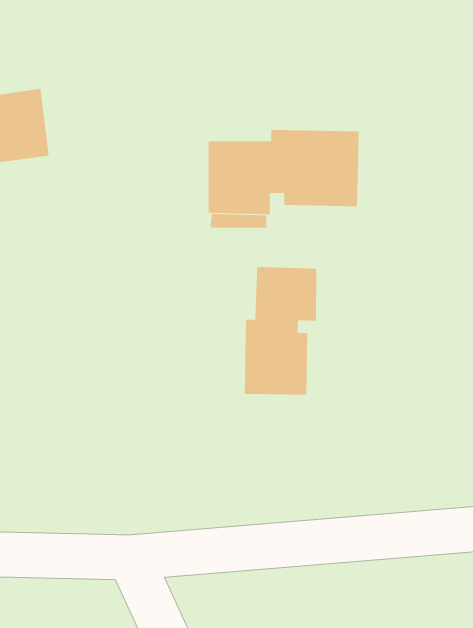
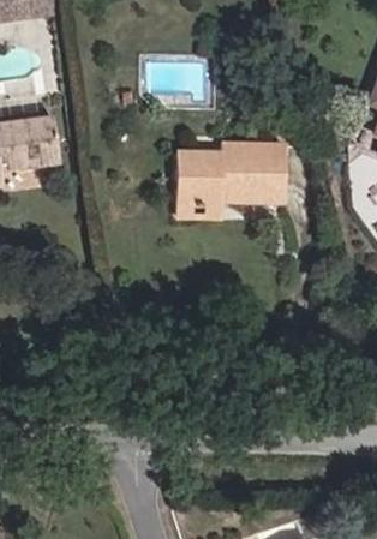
building: [244,266,317,395] -> none

